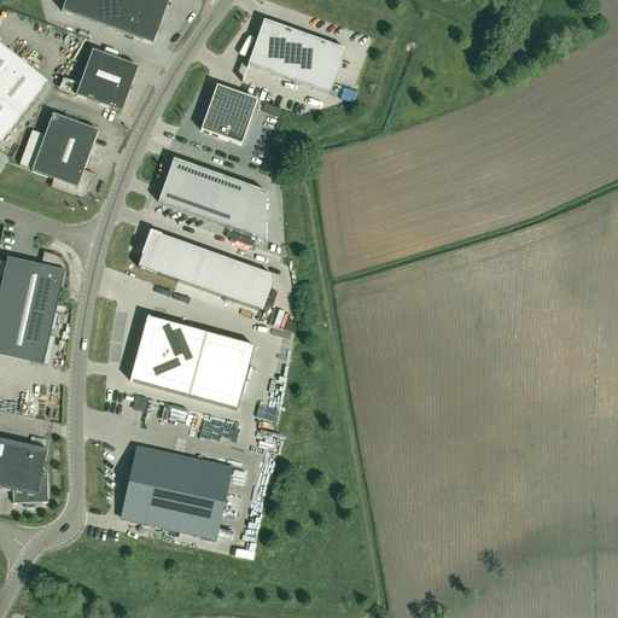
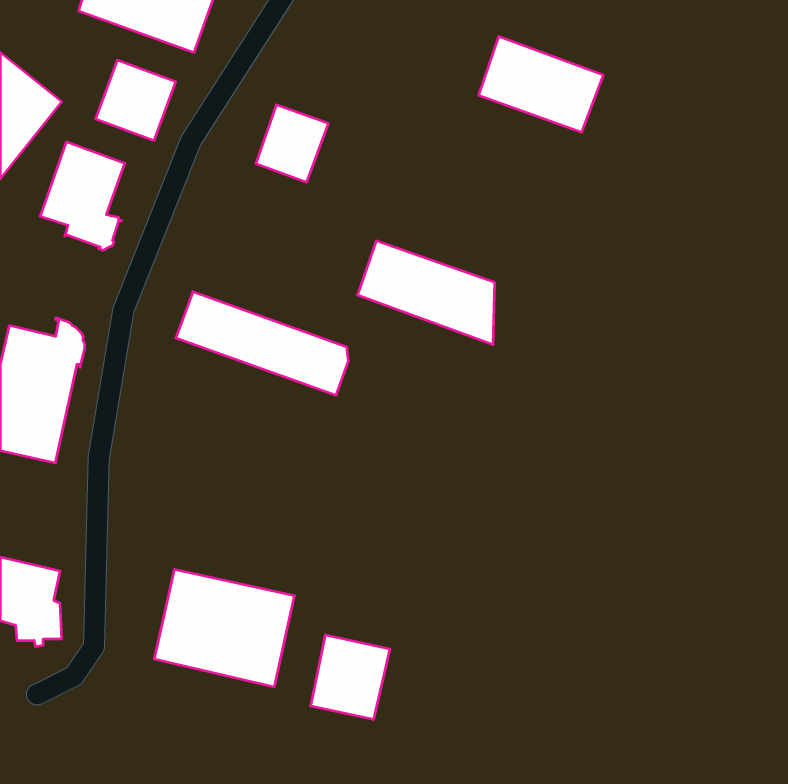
building: [247,17,345,92] -> [479,36,603,132]
building: [158,157,266,238] -> [357,241,495,344]
building: [129,314,255,408] -> none
building: none -> [311,635,390,720]

